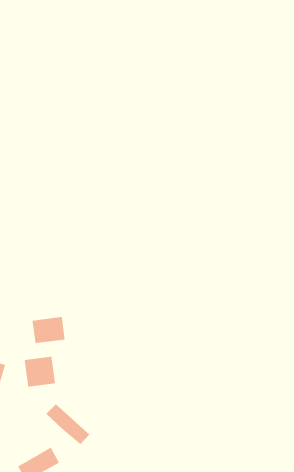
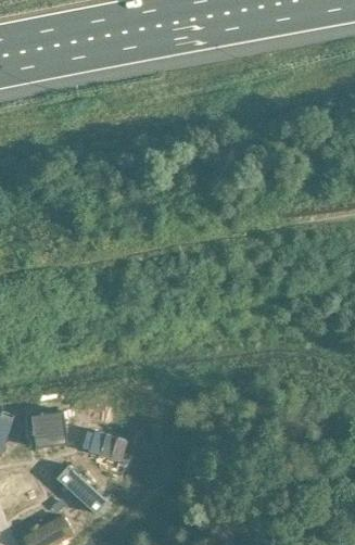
building: [32,316,65,344] -> none
building: none -> [88,430,127,461]

